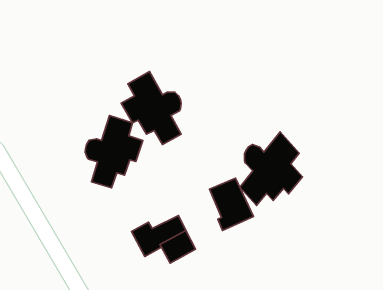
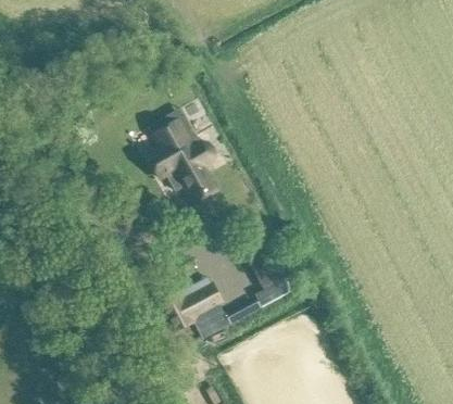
building: [85,116,143,188] -> none
building: [240,132,302,205] -> none

